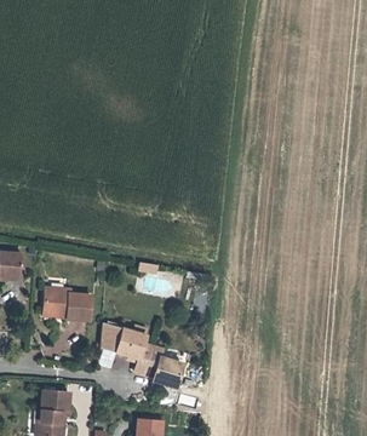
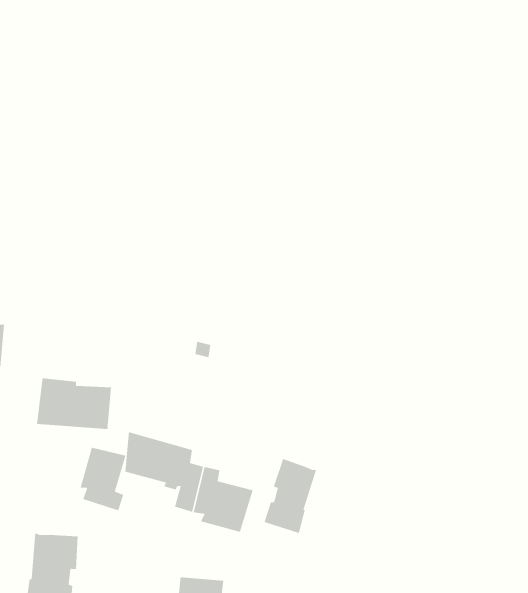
building: none -> [80,447,126,511]
building: none -> [264,458,317,534]

